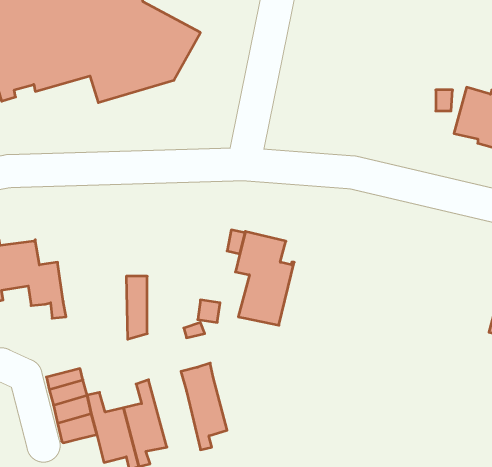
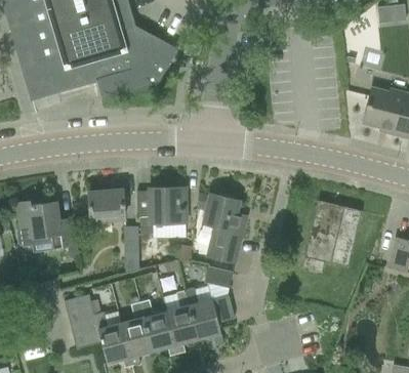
building: none -> [136,188,186,234]
building: none -> [89,190,125,221]
building: none -> [301,200,362,272]
building: none -> [185,266,234,343]
building: none -> [139,300,177,356]

